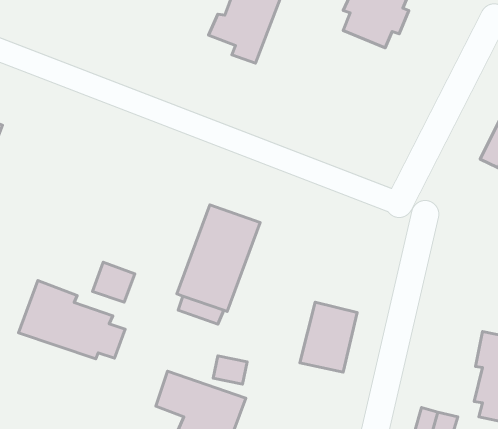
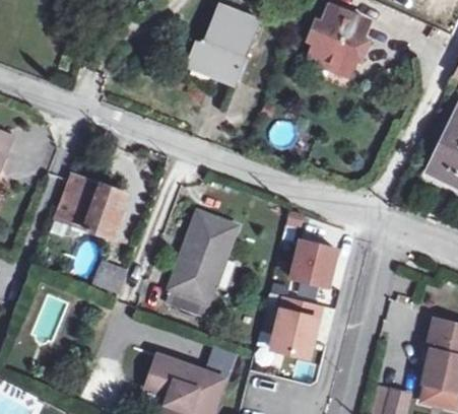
building: none -> [57,174,123,235]
building: none -> [291,238,337,284]
building: [19,281,125,359] -> none

